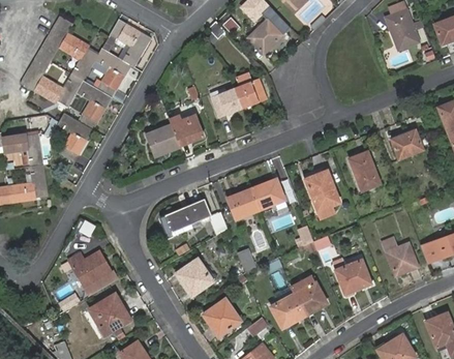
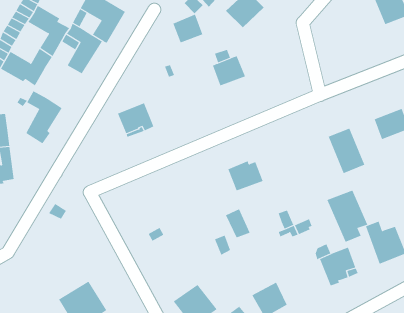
building: [77,81,112,129] -> none
building: [213,89,242,117] -> [173,14,203,43]
building: [171,117,205,147] -> none
building: [300,169,339,218] -> [327,190,368,242]
building: [224,187,258,218] -> none
building: [162,199,228,236] -> none
building: [69,252,119,295] -> none
building: [171,256,211,295] -> none
building: [296,281,329,316] -> none

